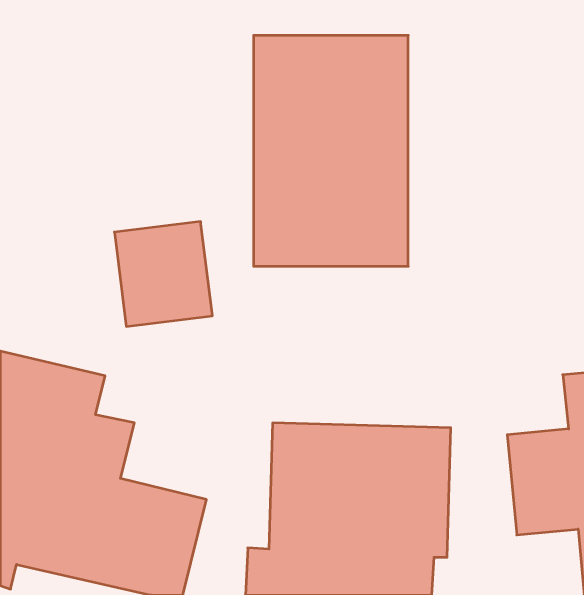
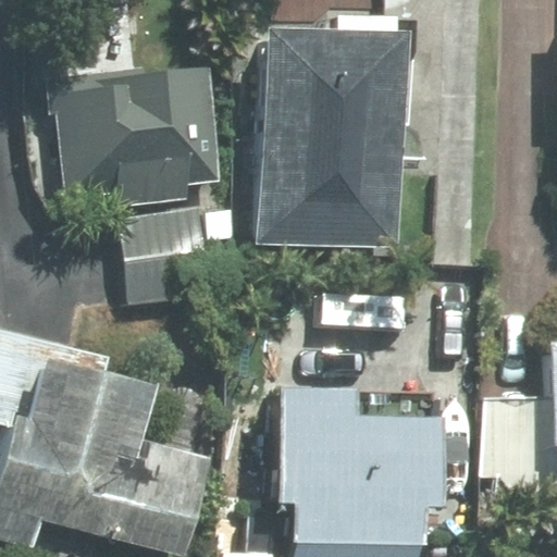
building: none -> [51,65,223,205]

